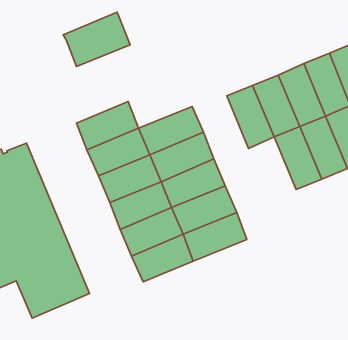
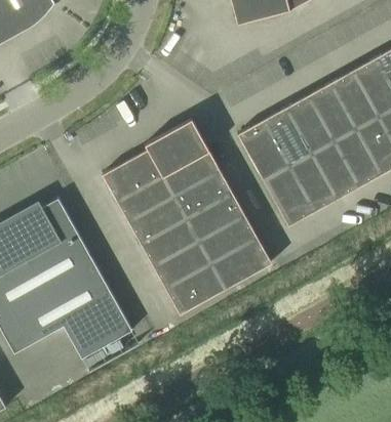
building: [63,12,130,66] -> [144,118,206,172]
building: none -> [263,166,311,225]

